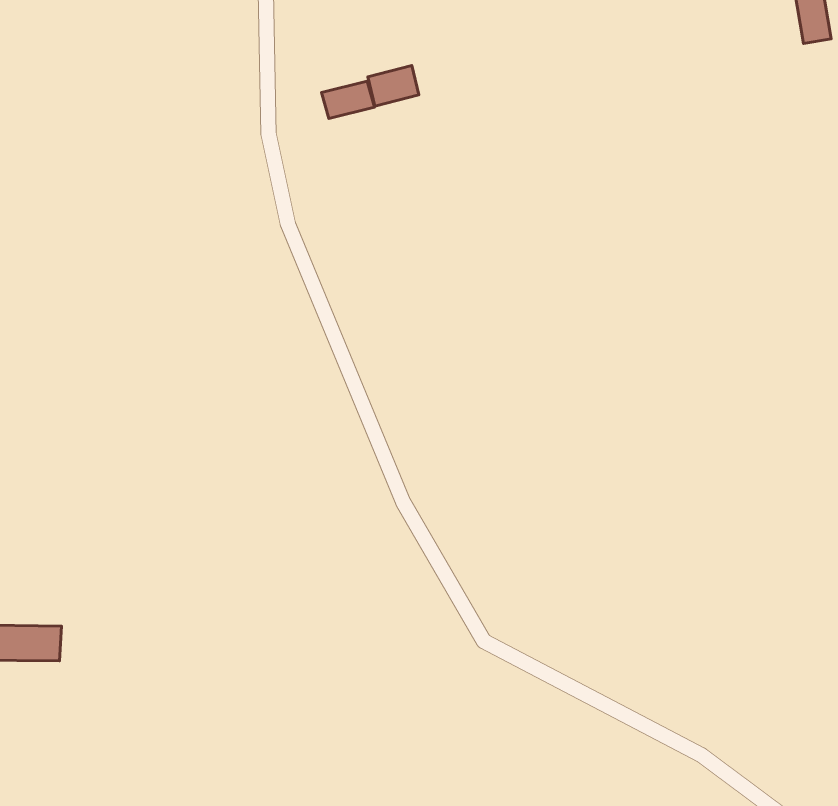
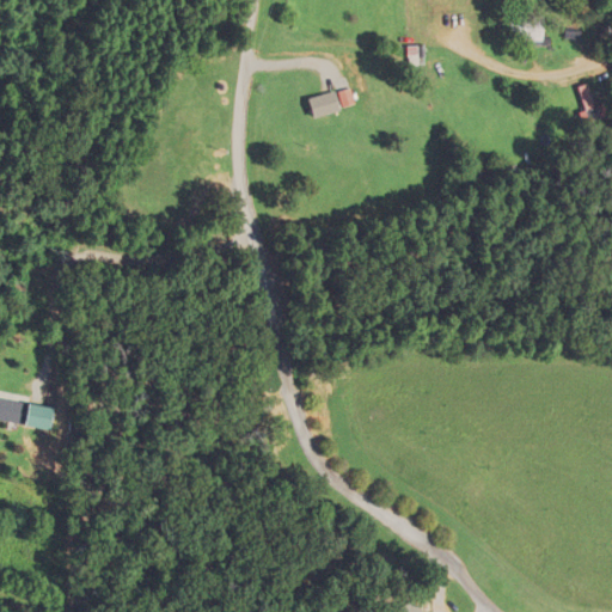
building: [322,81,374,119] -> none

